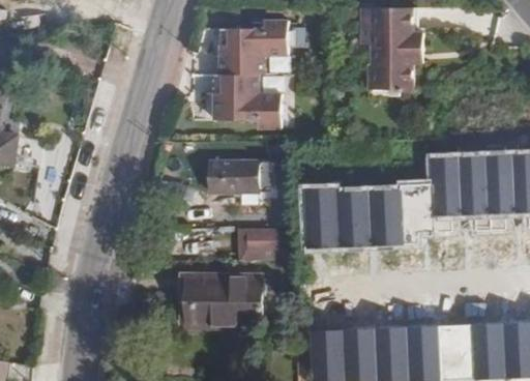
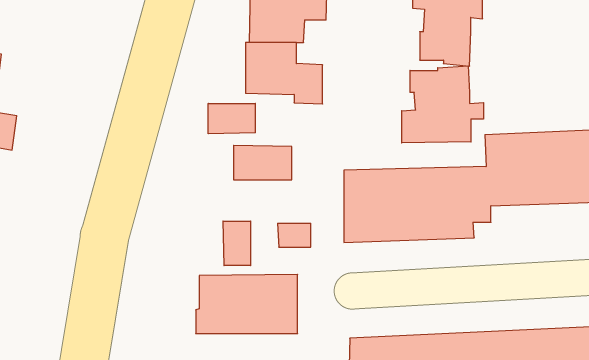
building: none -> [402,66,483,143]
building: none -> [208,103,255,134]
building: none -> [223,221,251,266]

